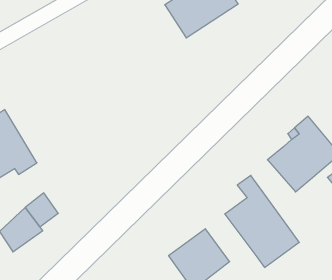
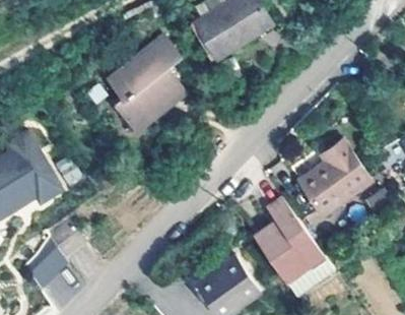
building: none -> [107,38,182,123]

